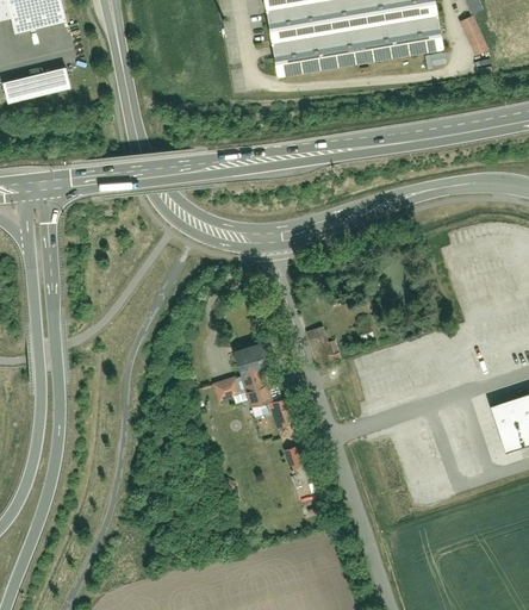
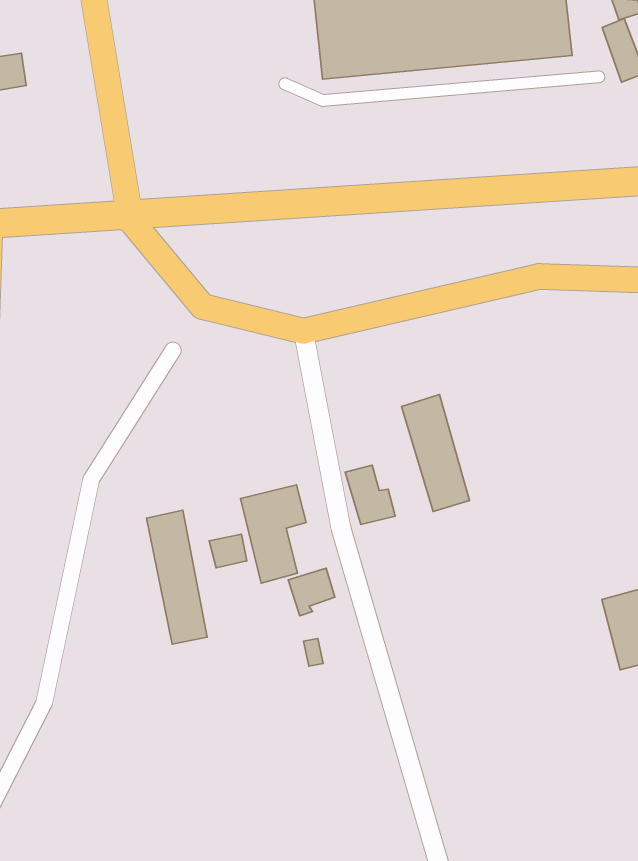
building: none -> [402,394,469,511]
building: none -> [146,510,207,644]

